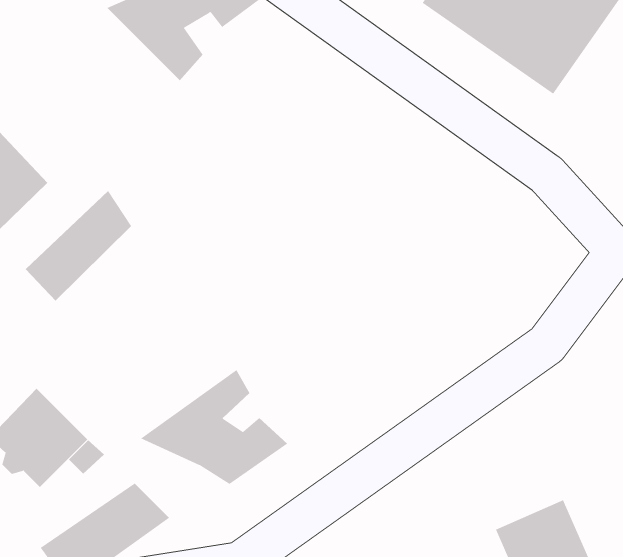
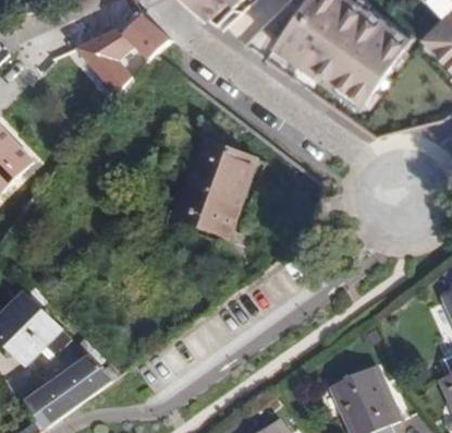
building: none -> [176,140,257,236]
building: [25,190,132,302] -> none
building: [140,369,288,485] -> none

